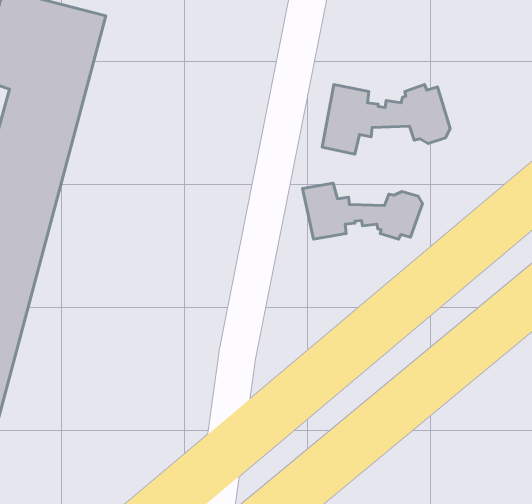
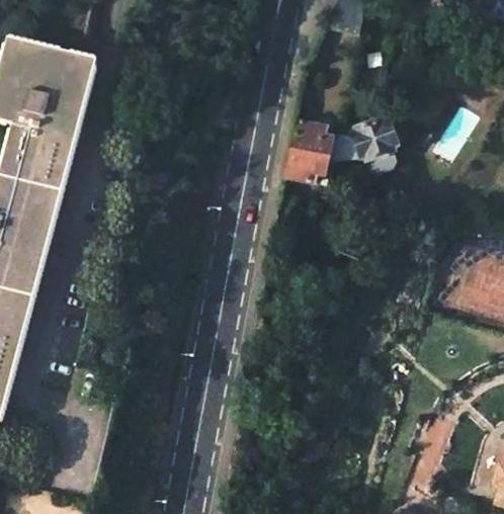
building: [303,183,423,239] -> none

